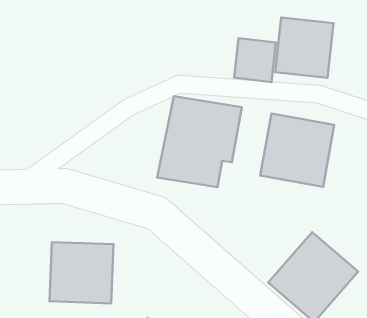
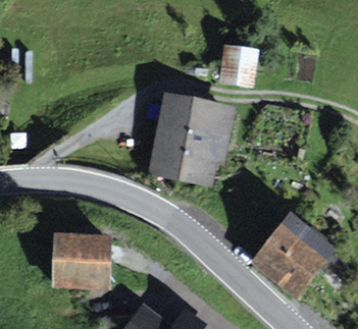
building: [275,17,333,78] -> none
building: [260,114,334,187] -> none

